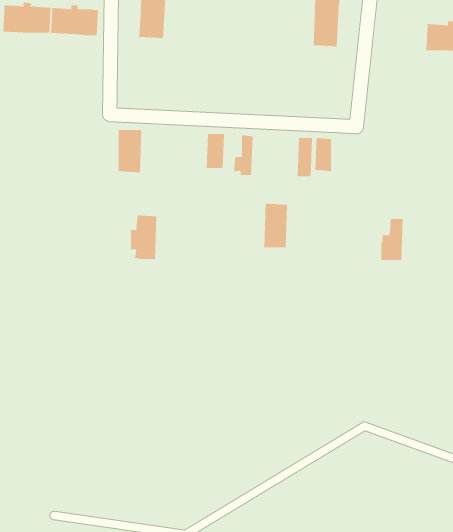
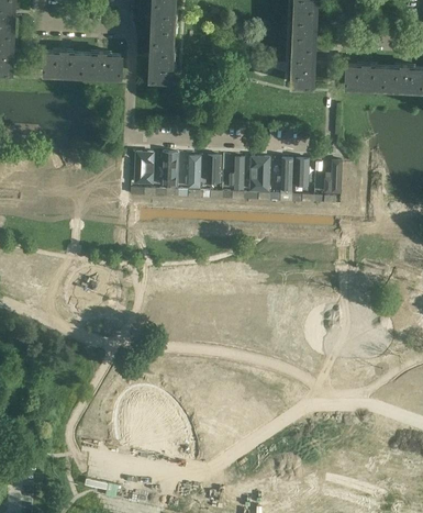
building: none -> [346,66,385,91]
building: none -> [185,158,201,192]
building: [263,203,288,248] -> [249,159,269,196]
building: [130,215,157,259] -> [156,155,178,191]
building: [381,219,404,261] -> [323,163,342,197]

